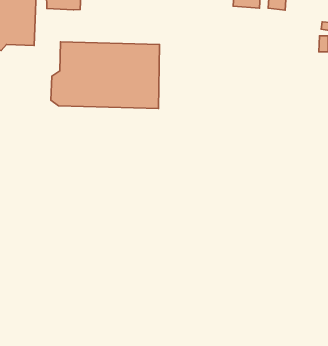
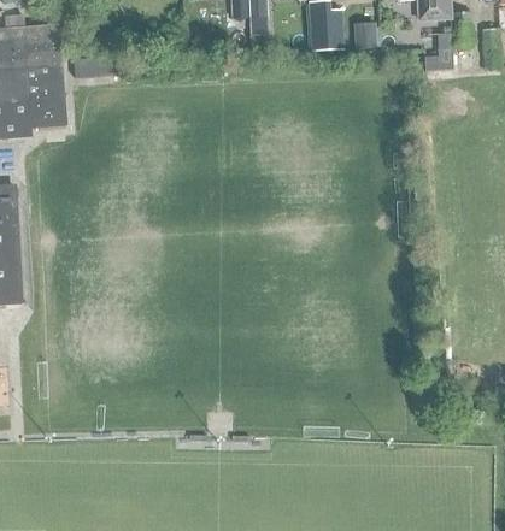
building: [51,42,159,109] -> none

